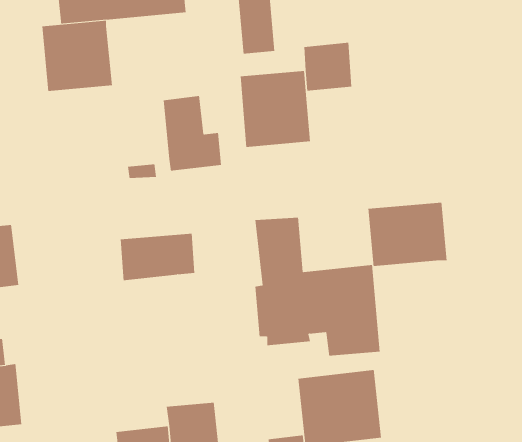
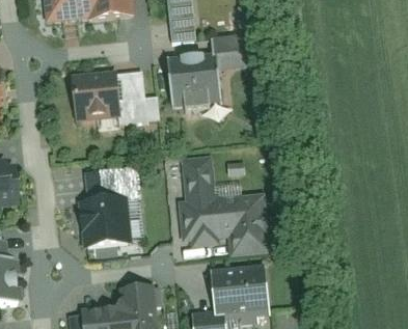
building: [42,20,113,91] -> [71,70,120,119]
building: [368,202,447,267] -> none
building: none -> [80,196,131,248]

